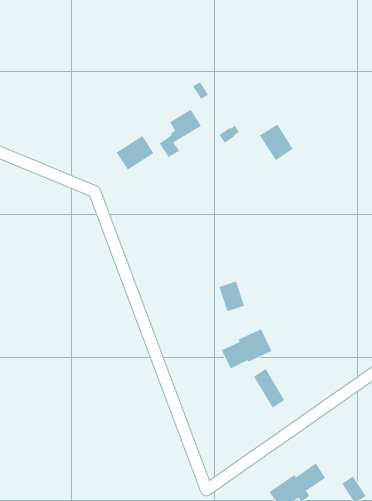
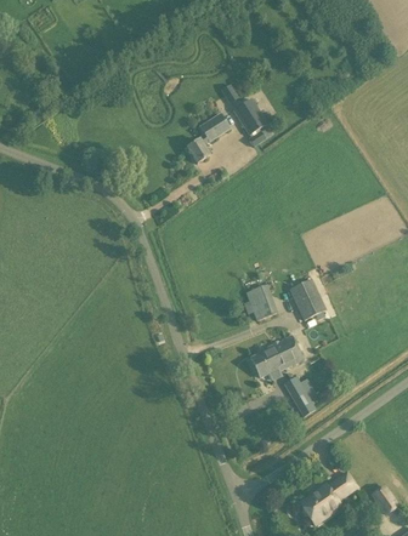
building: [259,124,293,161] -> [232,98,267,136]
building: [116,135,154,170] -> none
building: none -> [289,279,327,320]

